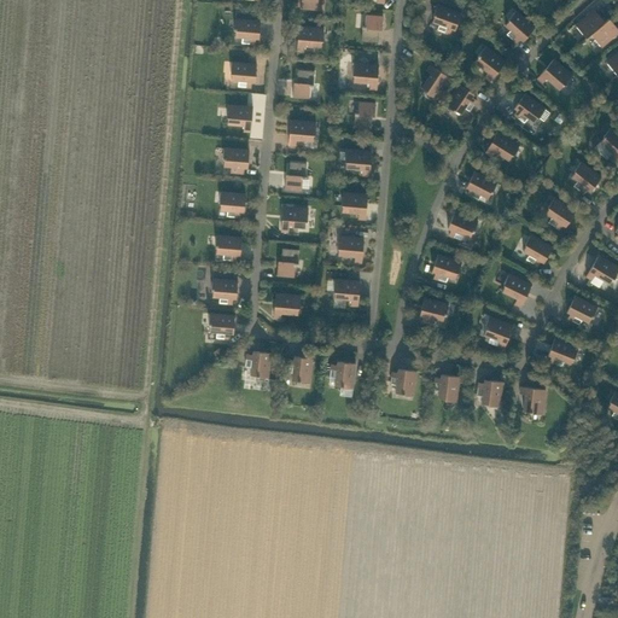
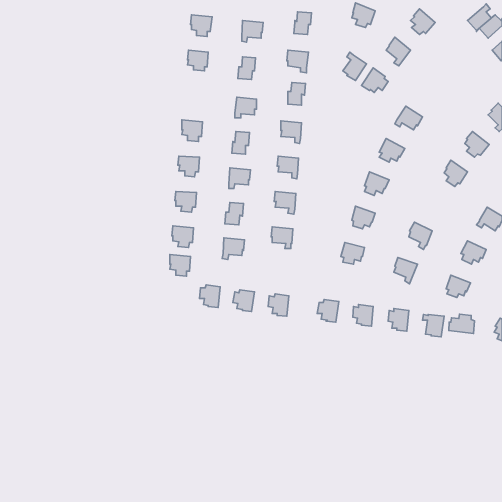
building: [537,59,572,89] -> none
building: [513,93,544,122] -> none
building: [227,104,252,132] -> none
building: [523,234,552,266] -> none
building: none -> [449,314,475,334]

